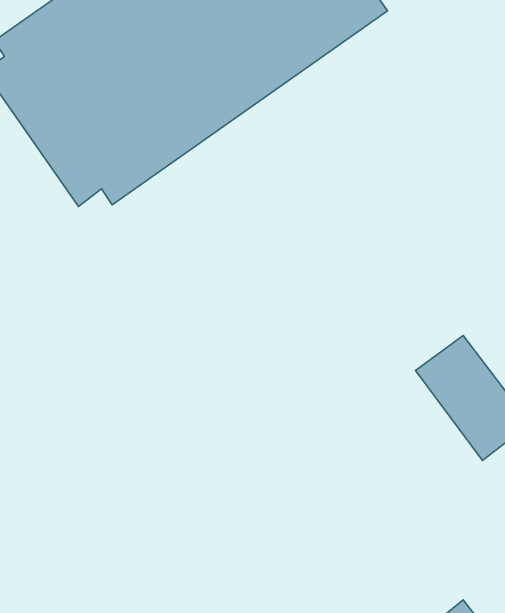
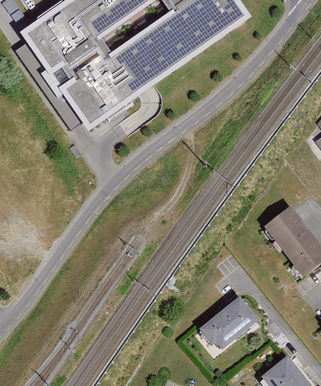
building: none -> [202,295,259,348]

